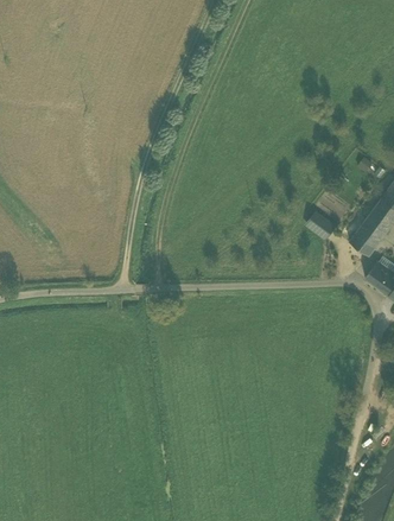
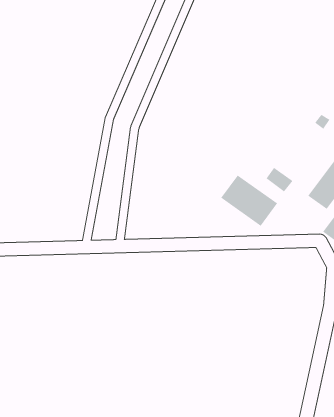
building: none -> [220,174,278,227]

